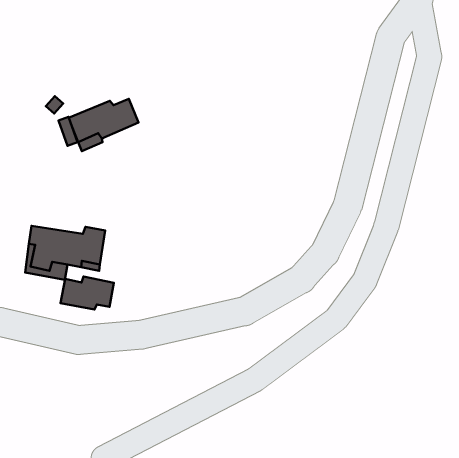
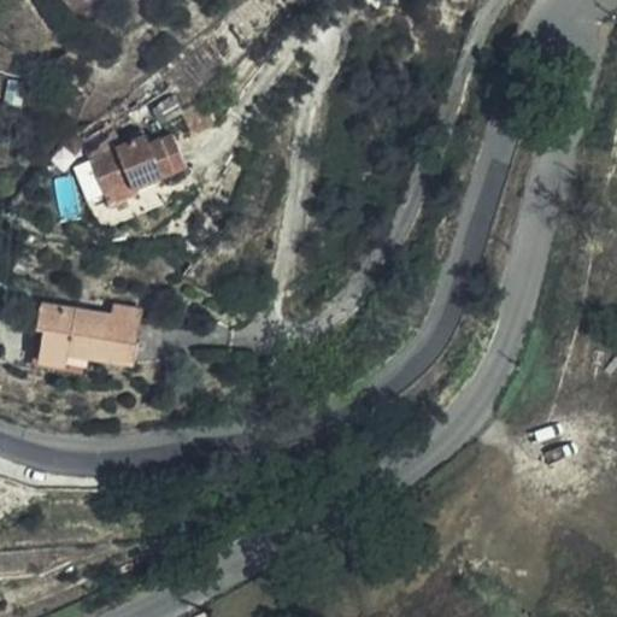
building: [61,277,114,309] -> none

